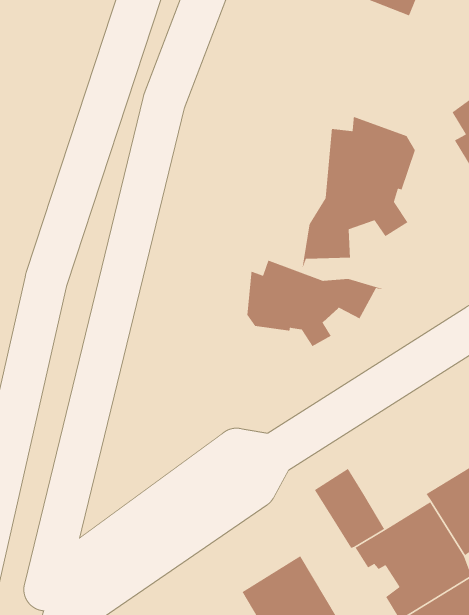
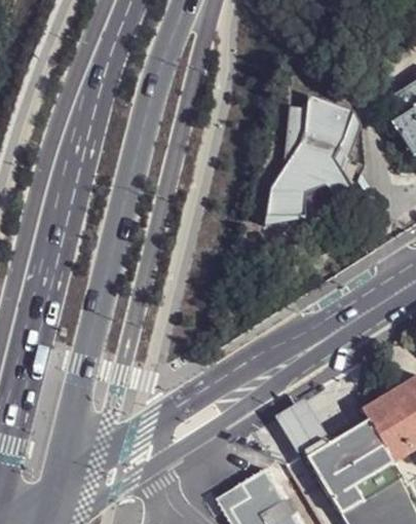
building: [246,259,386,347] -> none

